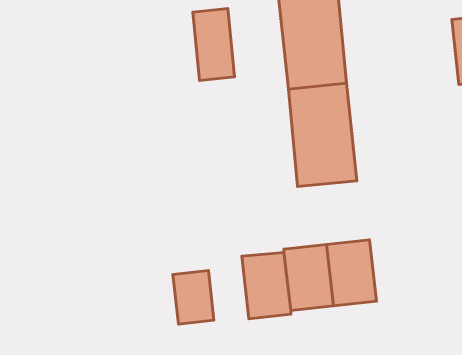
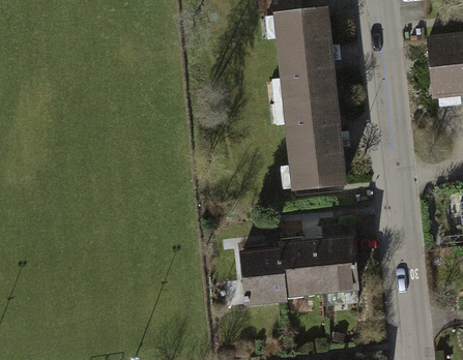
building: [193,8,234,81] -> none
building: [173,271,214,324] -> none

